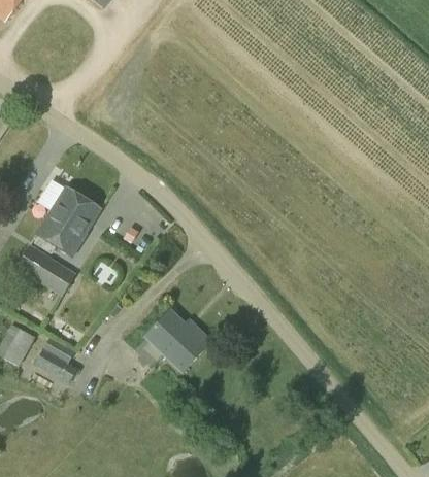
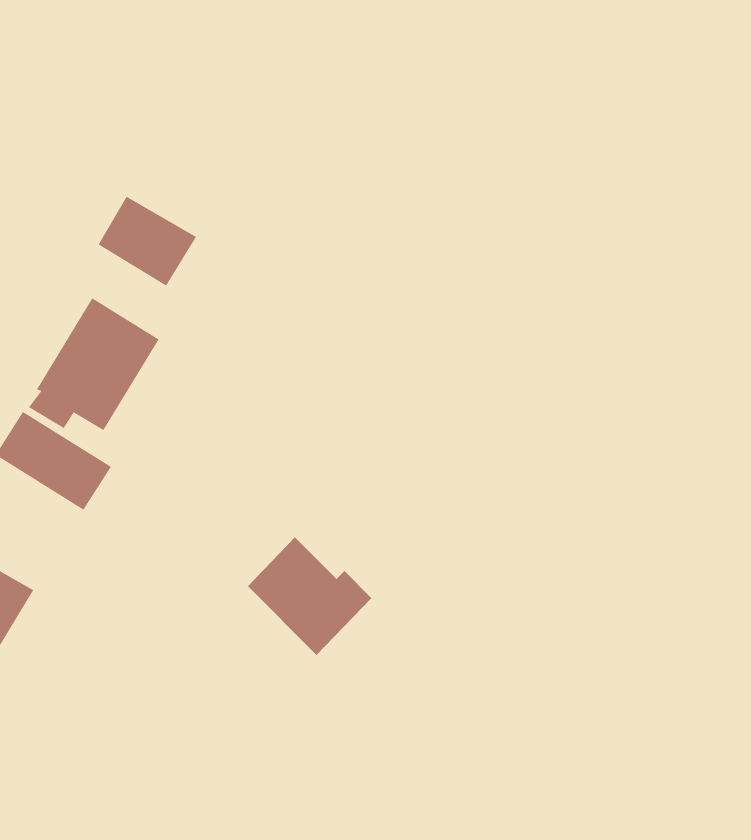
building: none -> [98,196,197,286]
building: [34,336,77,384] -> none

